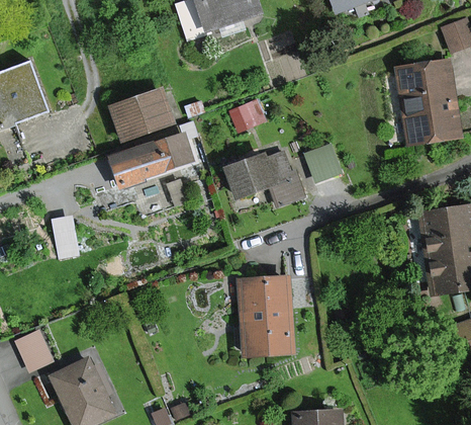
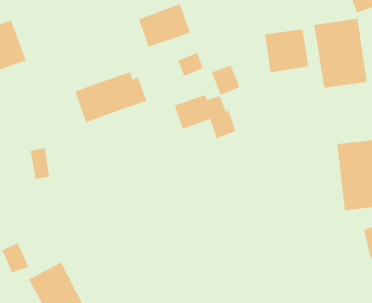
building: none -> [264,29,309,73]
building: [109,88,174,142] -> [138,3,191,48]
building: [303,146,339,183] -> [211,65,240,95]
building: [239,277,293,356] -> none

